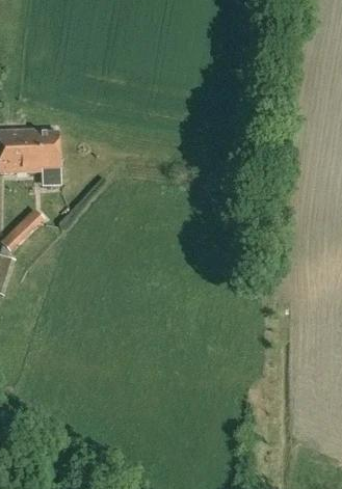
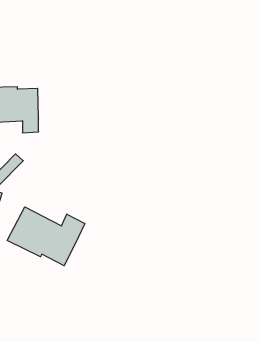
building: none -> [7,207,85,266]

